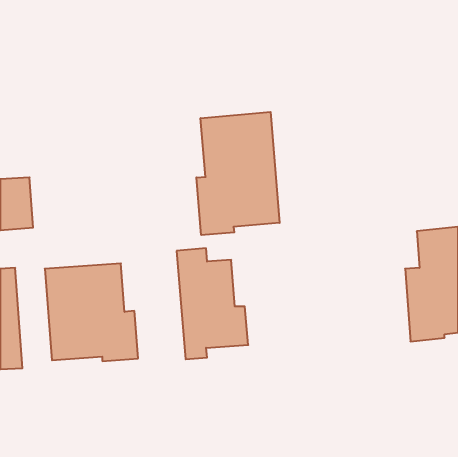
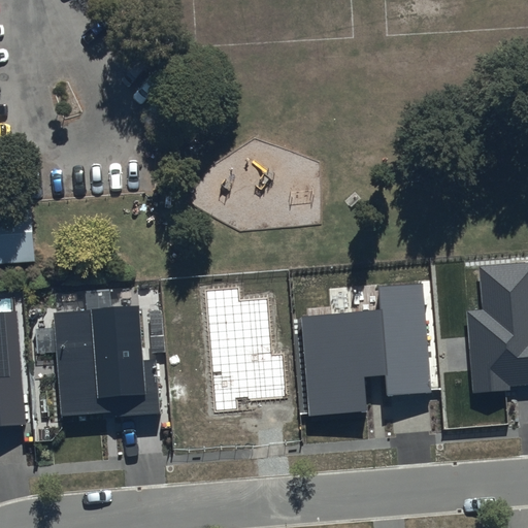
building: [196,112,280,235] -> none
building: none -> [302,282,431,414]

